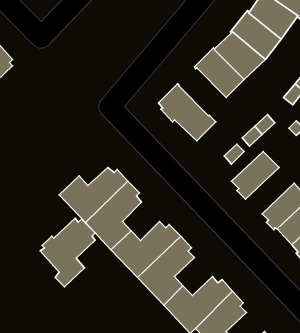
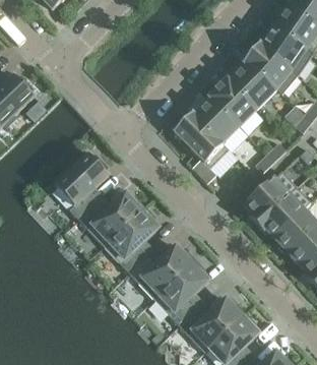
building: none -> [193,97,239,142]
building: none -> [257,192,304,237]
building: [40,218,95,287] -> [55,153,108,219]

